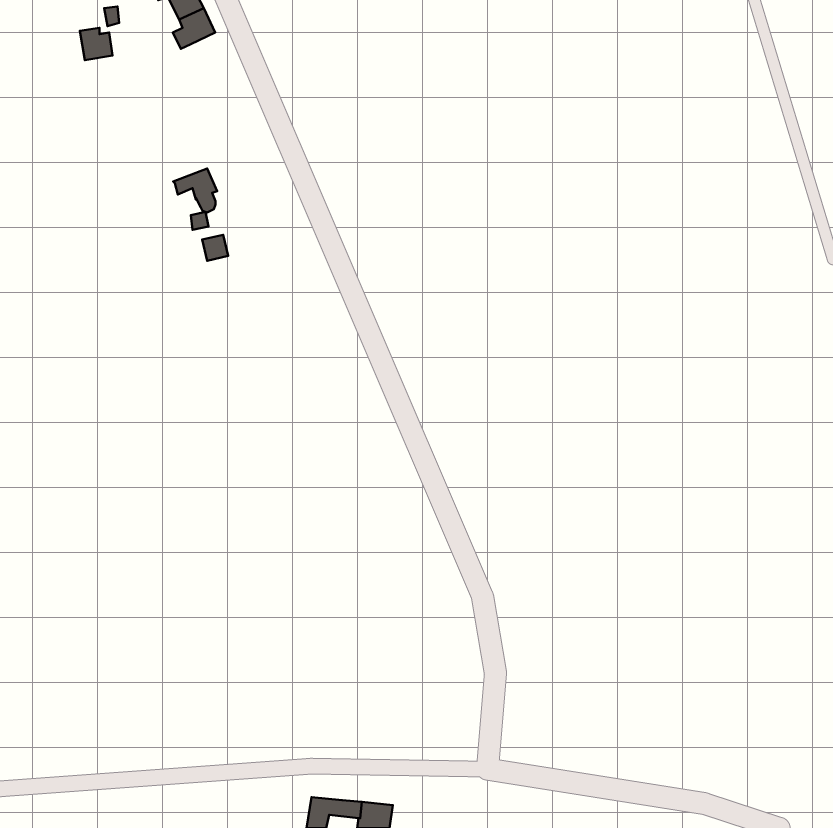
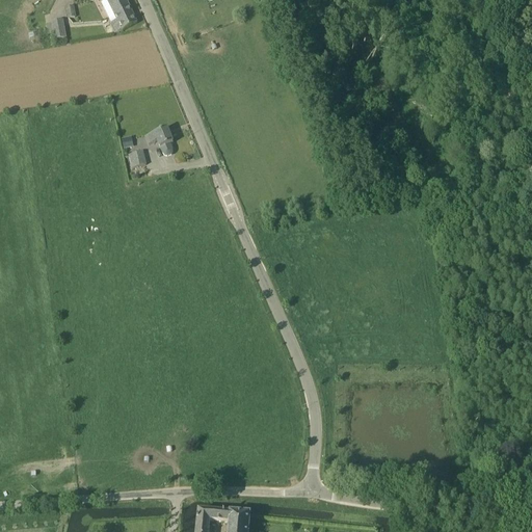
building: [173,169,217,213] -> [145,127,174,155]

